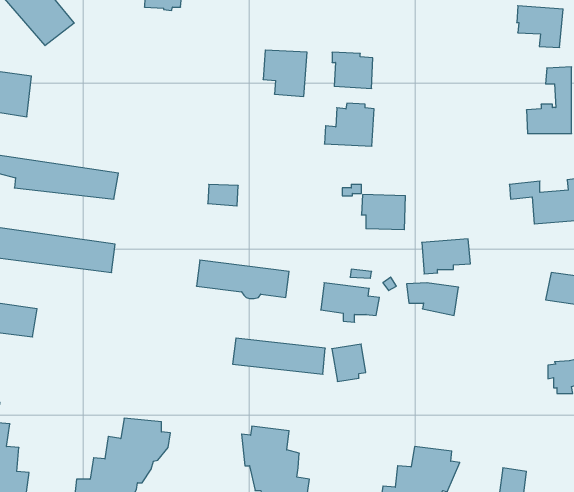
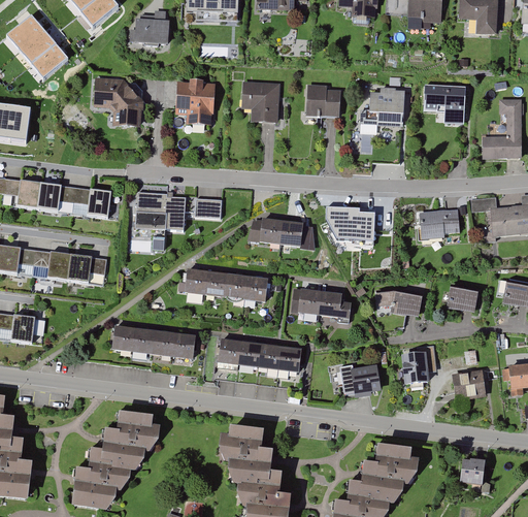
building: [517,6,563,47] -> [425,82,467,120]
building: none -> [94,74,145,124]
building: none -> [176,76,217,122]
building: [324,103,374,146] -> [360,84,405,123]
building: none -> [130,195,182,250]
building: none -> [255,219,304,251]
building: [422,239,470,274] -> [412,212,457,244]
building: none -> [443,286,477,317]
building: none -> [108,328,193,362]
building: [332,344,366,381] -> [348,367,378,401]
building: none -> [398,348,434,393]
building: none -> [450,371,485,408]

